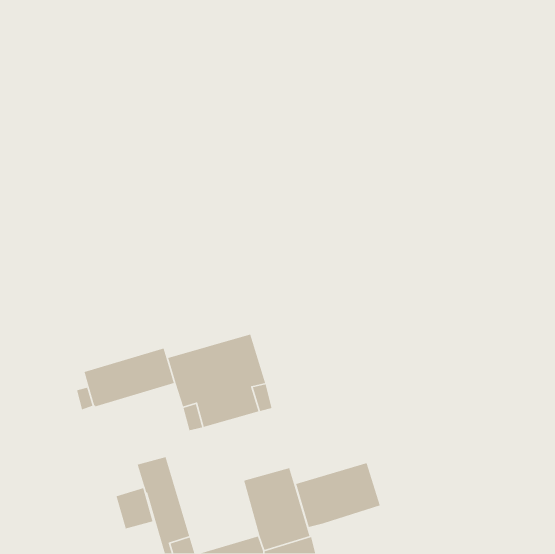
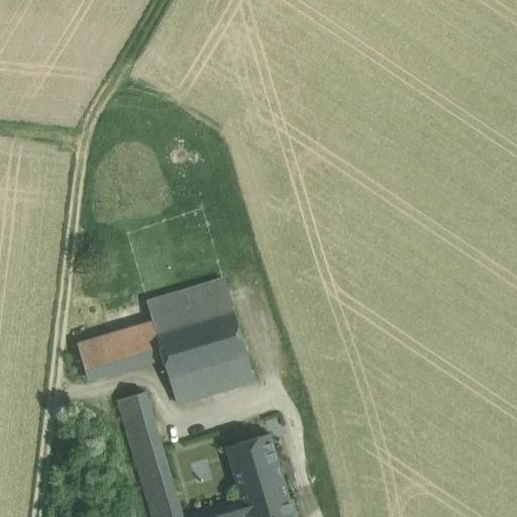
building: none -> [146,280,233,332]
building: [295,462,381,528] -> none
building: [115,487,153,529] -> [119,392,154,431]

